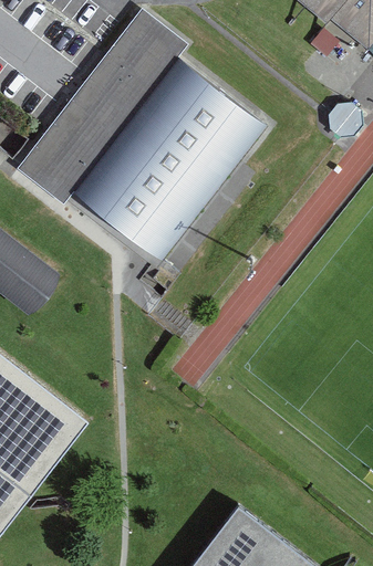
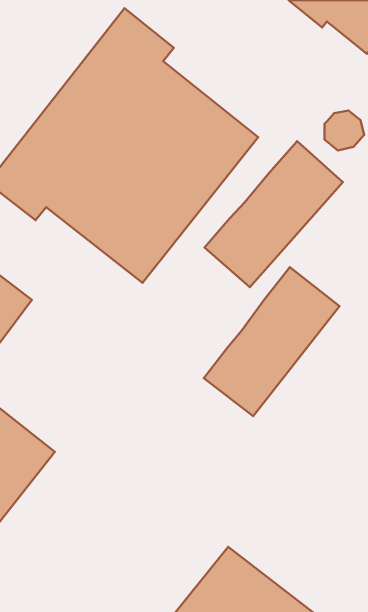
building: none -> [204,141,343,287]
building: none -> [204,267,339,416]

